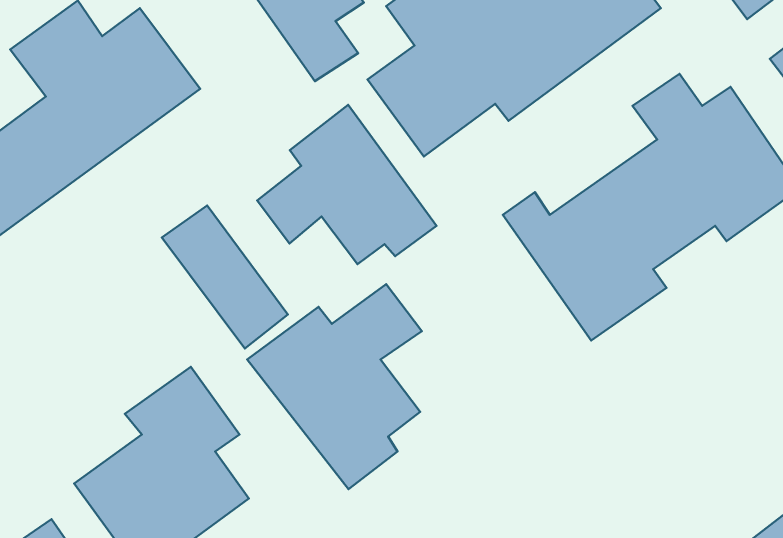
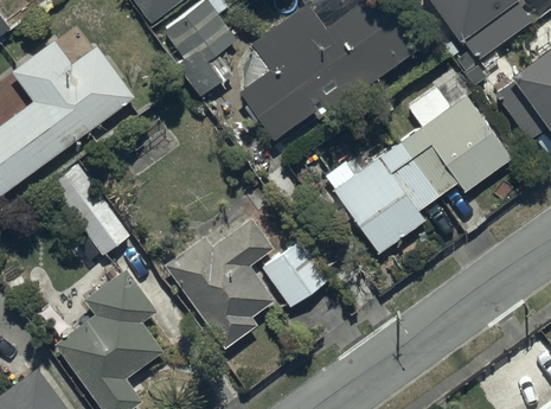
building: [257,105,436,264] -> none
building: [162,206,288,348] -> [50,167,129,257]
building: none -> [260,237,331,308]

